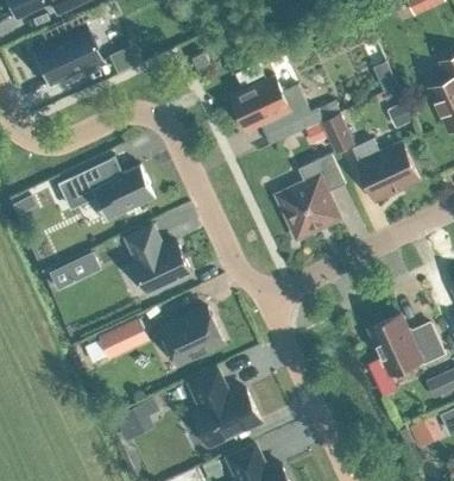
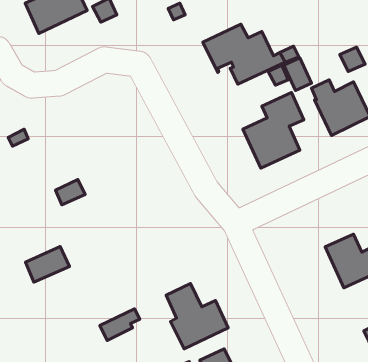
building: [55,156,156,223] -> none
building: [124,225,191,294] -> none
building: [158,304,226,368] -> none
building: [102,320,152,361] -> [25,247,70,282]

